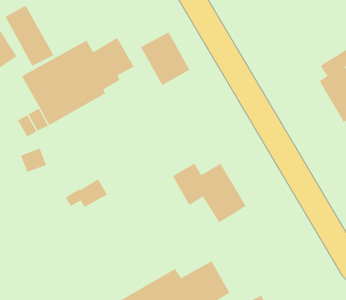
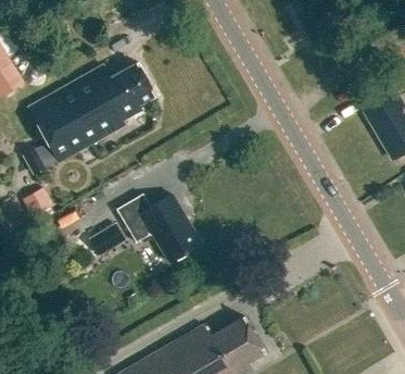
building: [5,5,54,67] -> none
building: [140,31,190,86] -> none
building: [172,163,246,223] -> [116,194,201,262]

